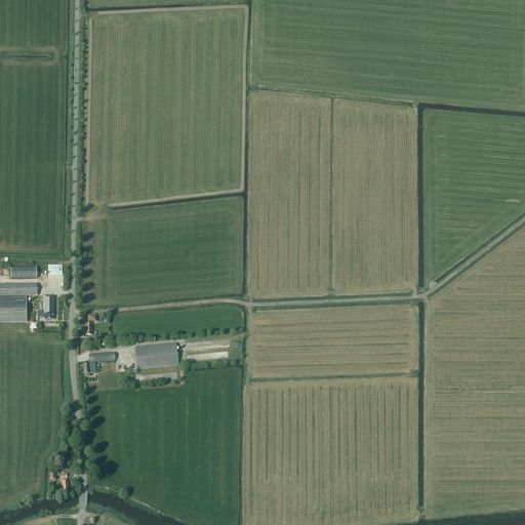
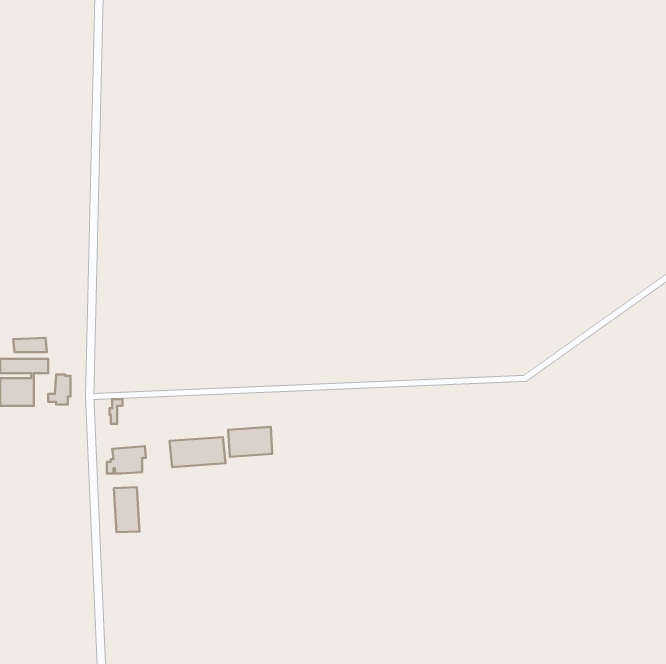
building: none -> [228,427,272,457]
building: none -> [114,487,139,532]

